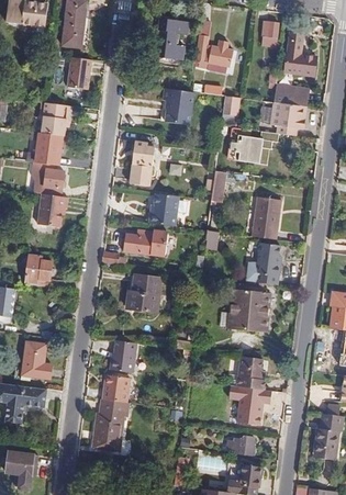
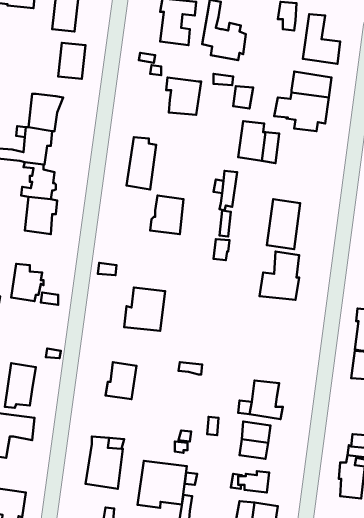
building: [123,229,166,257] -> none
building: [220,288,270,331] -> none
building: [102,374,130,402] -> none
building: none -> [137,461,187,508]

